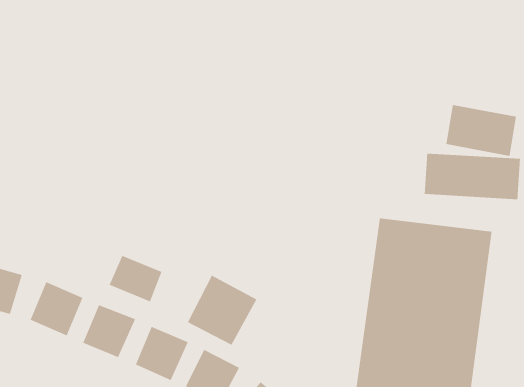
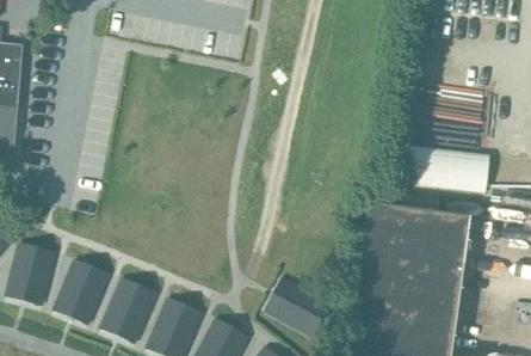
building: [109,255,163,303] -> none
building: [187,274,258,346] -> none
building: none -> [277,286,327,334]

